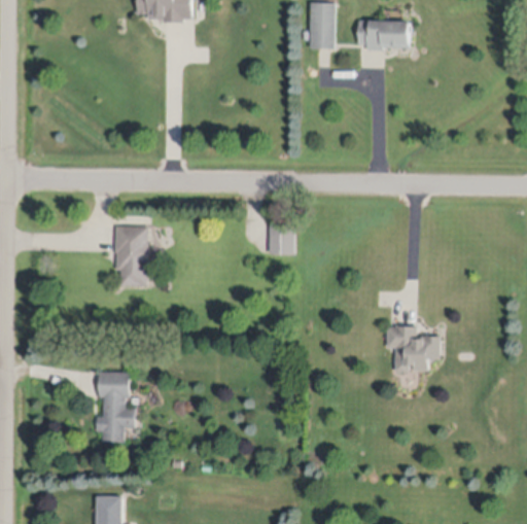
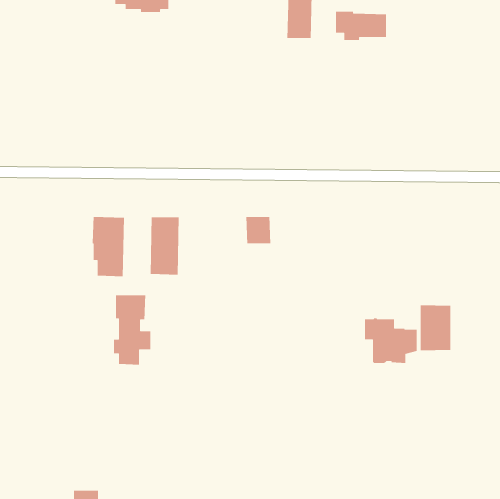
building: none -> [150,216,179,276]
building: none -> [420,305,451,351]
building: [97,372,135,443] -> [113,294,151,366]

